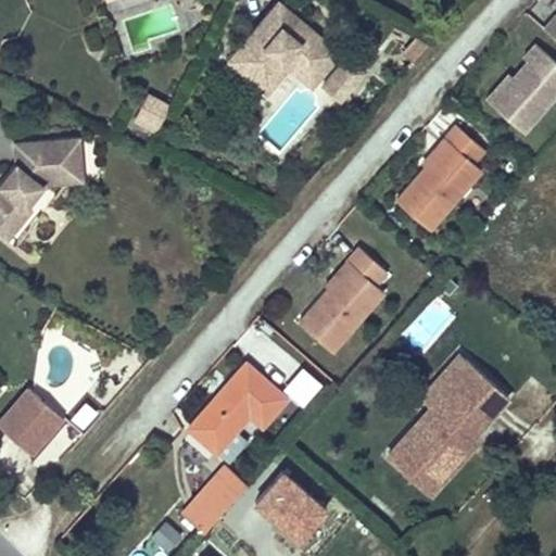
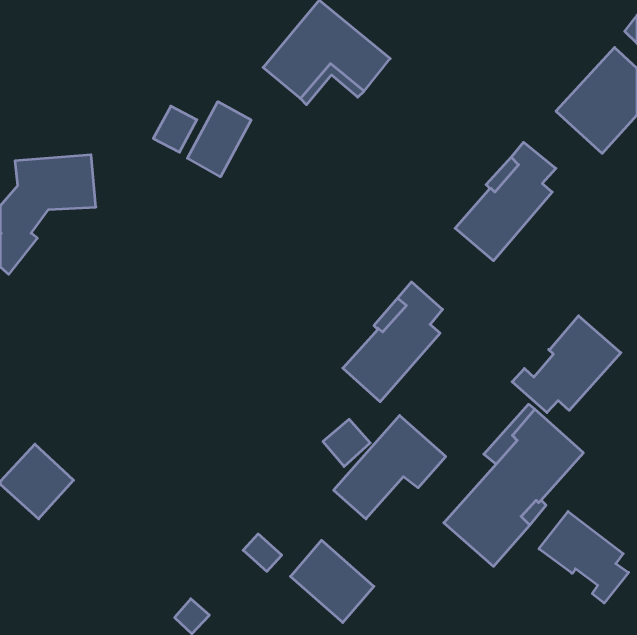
building: none -> [187,102,251,177]
building: none -> [512,316,621,413]
building: [188,364,286,454] -> [334,415,446,519]
building: none -> [539,511,629,603]
building: [184,481,232,531] -> none

